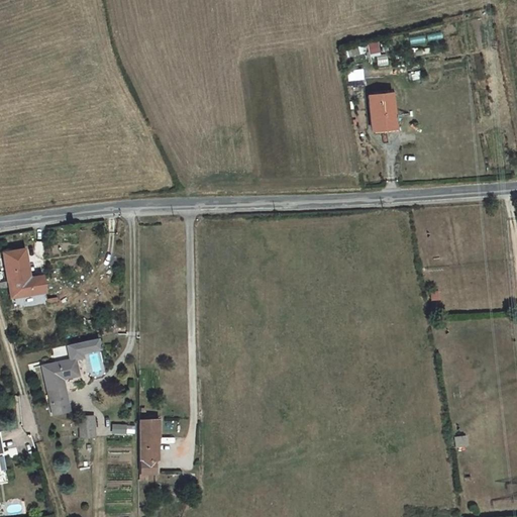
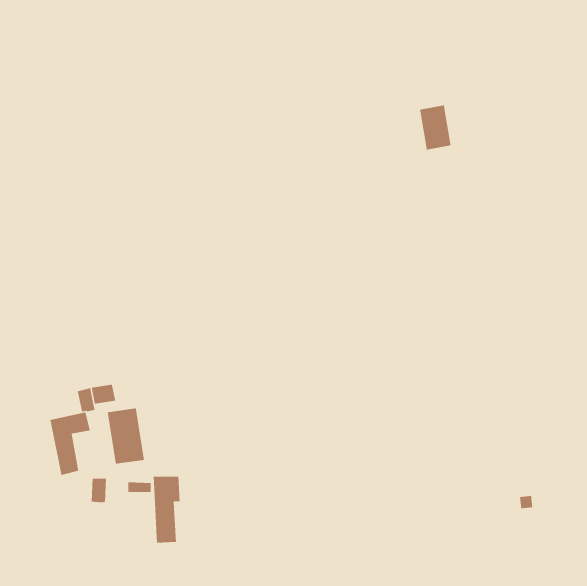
building: [6,242,48,301] -> none
building: none -> [107,407,145,465]

